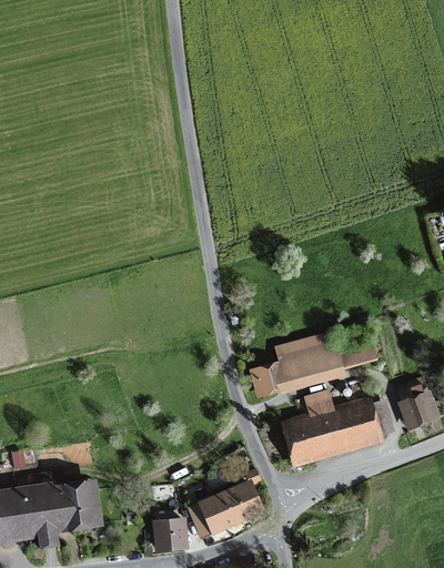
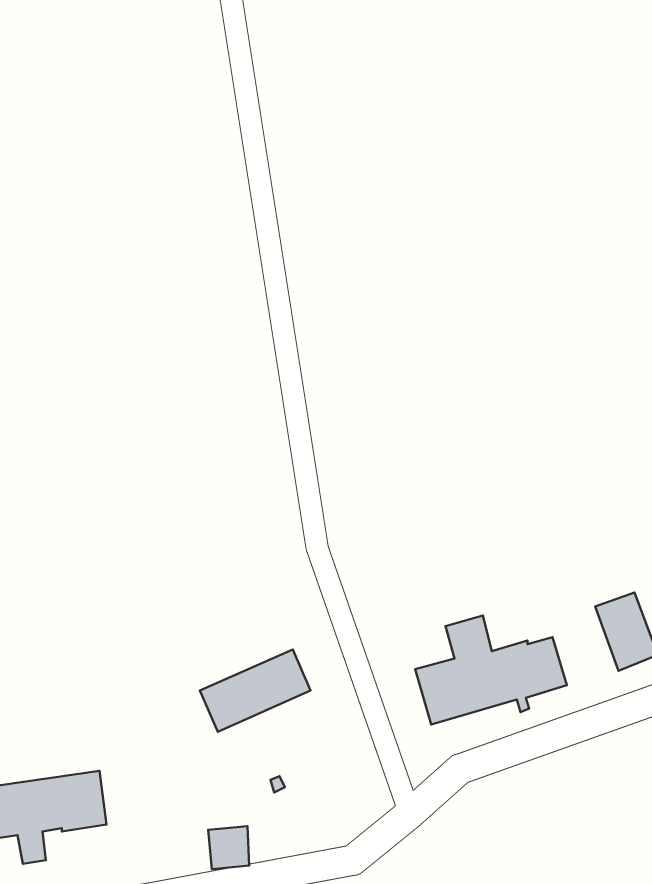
building: [254,334,374,392] -> none
building: [191,484,260,535] -> [200,650,311,732]

